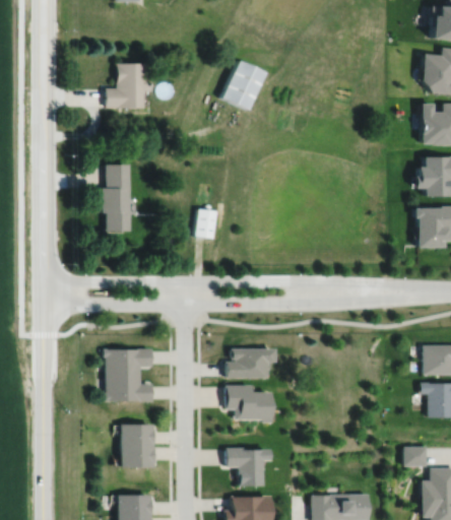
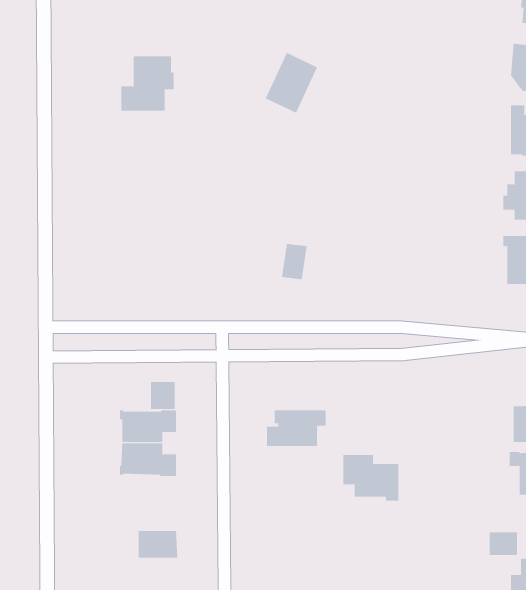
building: [101,164,128,230] -> none
building: [196,208,217,238] -> [281,243,308,280]
building: none -> [150,381,175,410]
building: [224,385,270,422] -> [343,455,399,501]
building: [121,425,152,446] -> none
building: [226,448,269,486] -> none

